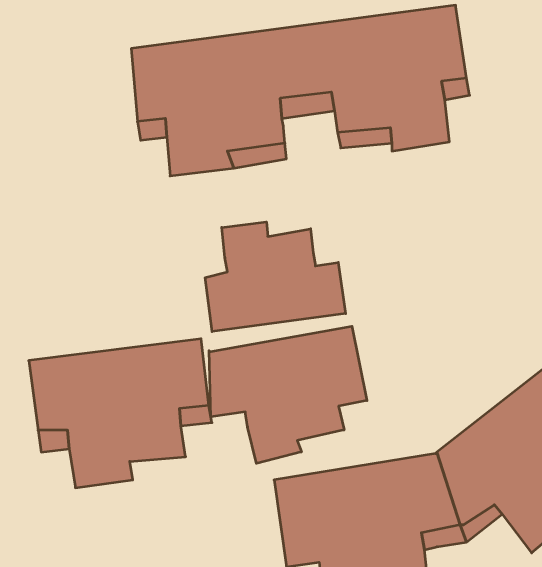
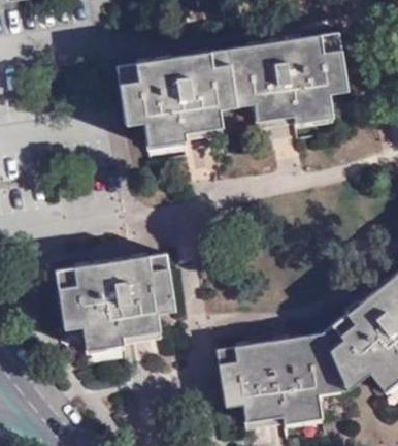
building: [205,222,346,332] -> none
building: [209,326,367,463] -> none

